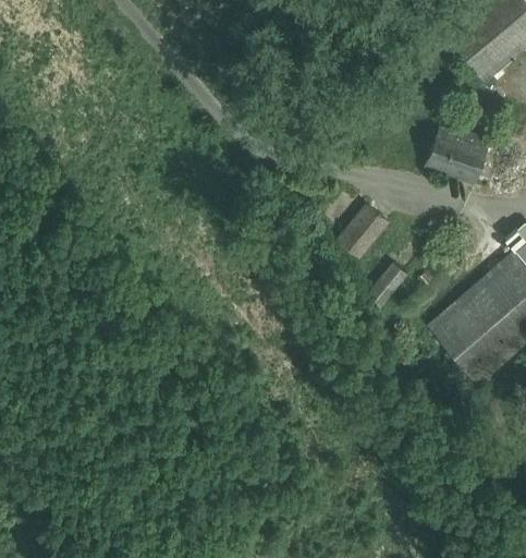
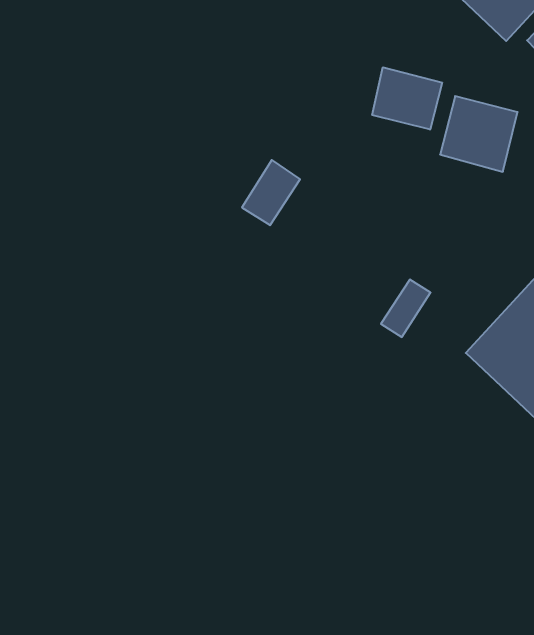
building: none -> [372,67,442,130]
building: [339,206,387,257] -> [242,160,300,225]

